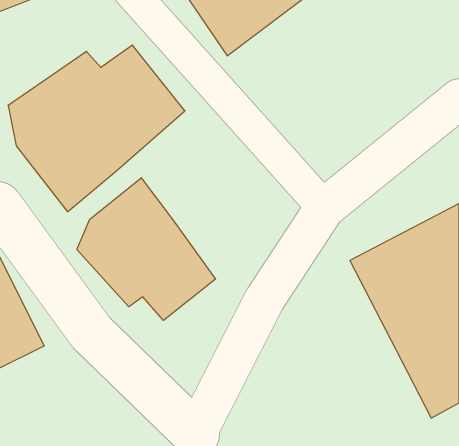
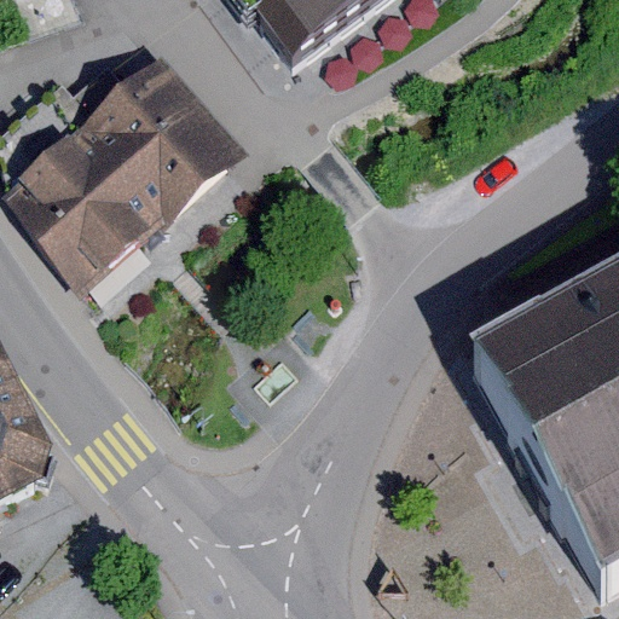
building: [77,178,216,320] -> none

